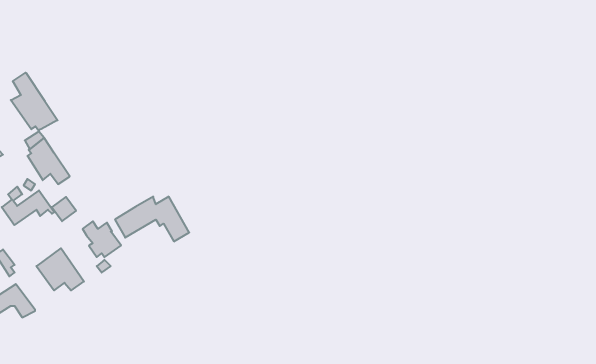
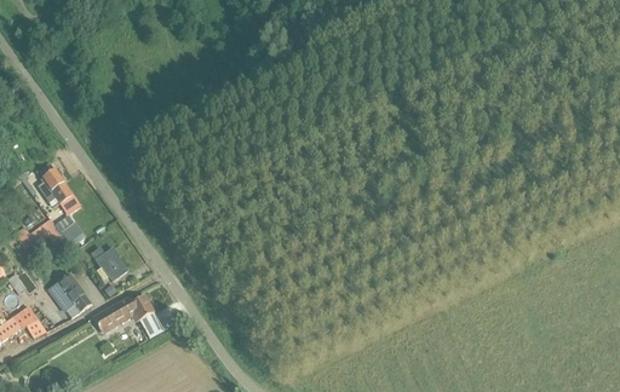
building: [11,73,58,131] -> none
building: [115,197,189,241] -> [94,295,165,338]

